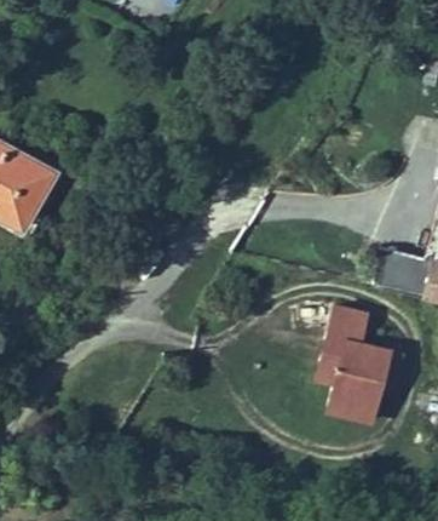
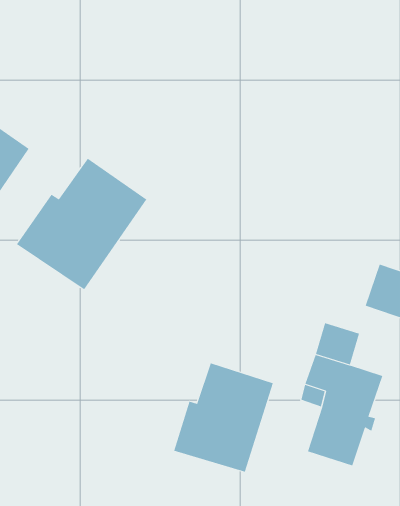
building: none -> [16,158,147,290]
building: none -> [173,363,274,473]

